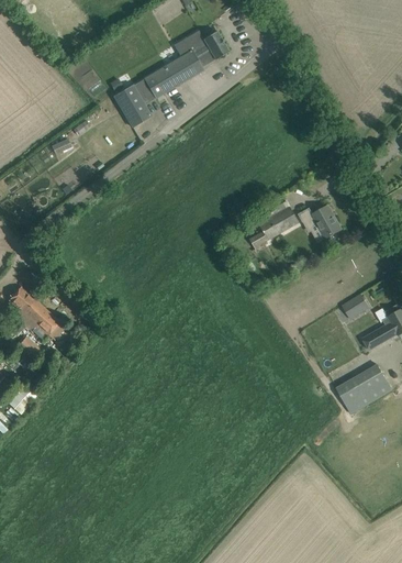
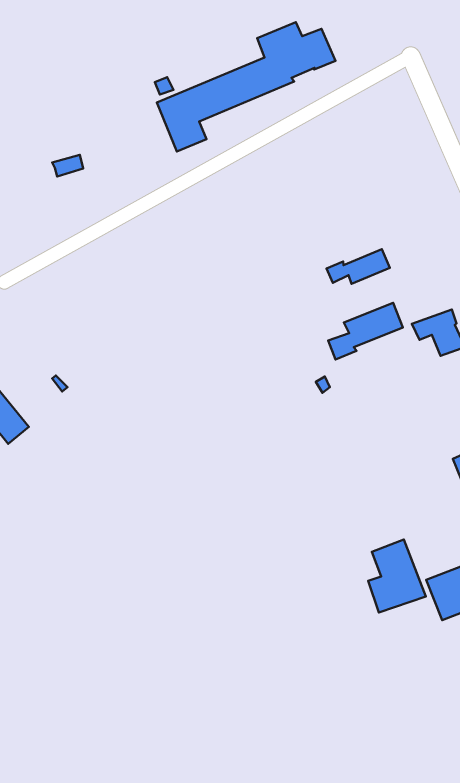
building: none -> [326,249,390,284]
building: none -> [368,539,426,612]

